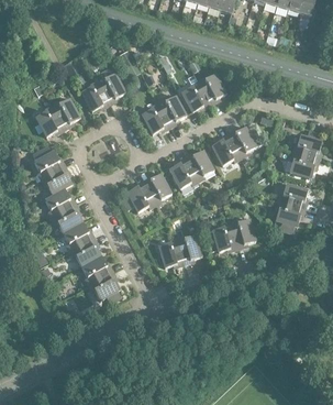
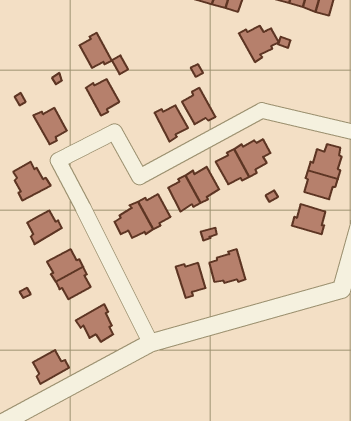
building: [196,74,231,106] -> [239,26,279,62]
building: [80,80,109,111] -> [79,33,112,68]
building: [141,102,169,134] -> none
building: [34,105,64,136] -> none
building: [40,166,71,195] -> none
building: [274,201,303,233] -> none
building: [51,204,82,233] -> none
building: [229,219,260,249] -> none
building: [157,238,184,267] -> none
building: [80,255,112,285] -> [33,350,69,384]

